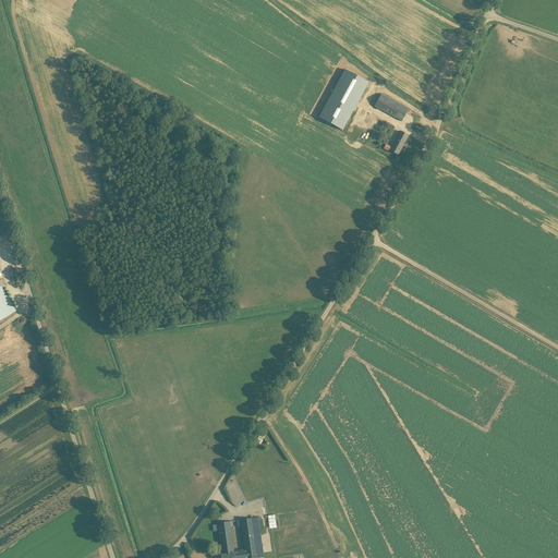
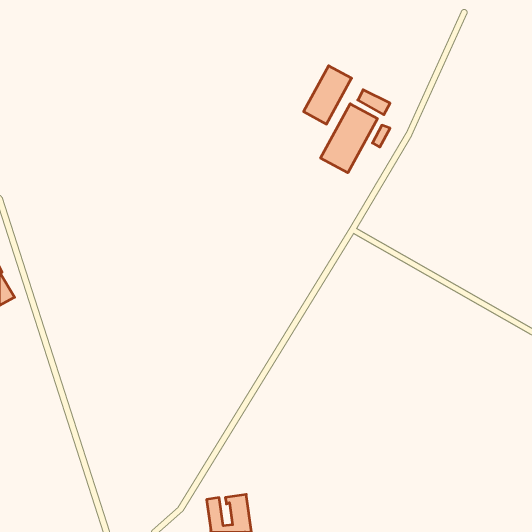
building: none -> [321,104,377,173]

